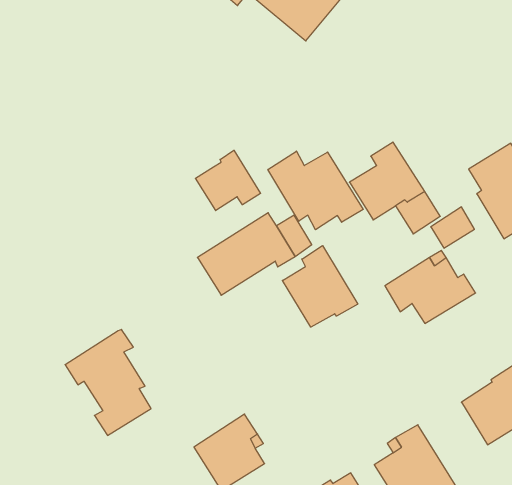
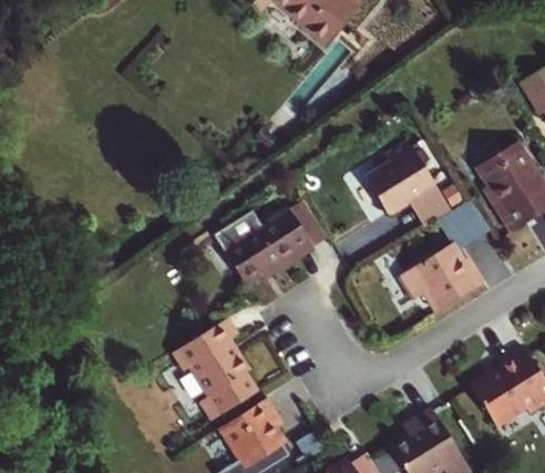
building: [195,150,261,211] -> none
building: [268,151,363,230] -> none
building: [282,246,358,327] -> none
building: [65,329,151,435] -> [173,319,254,419]

